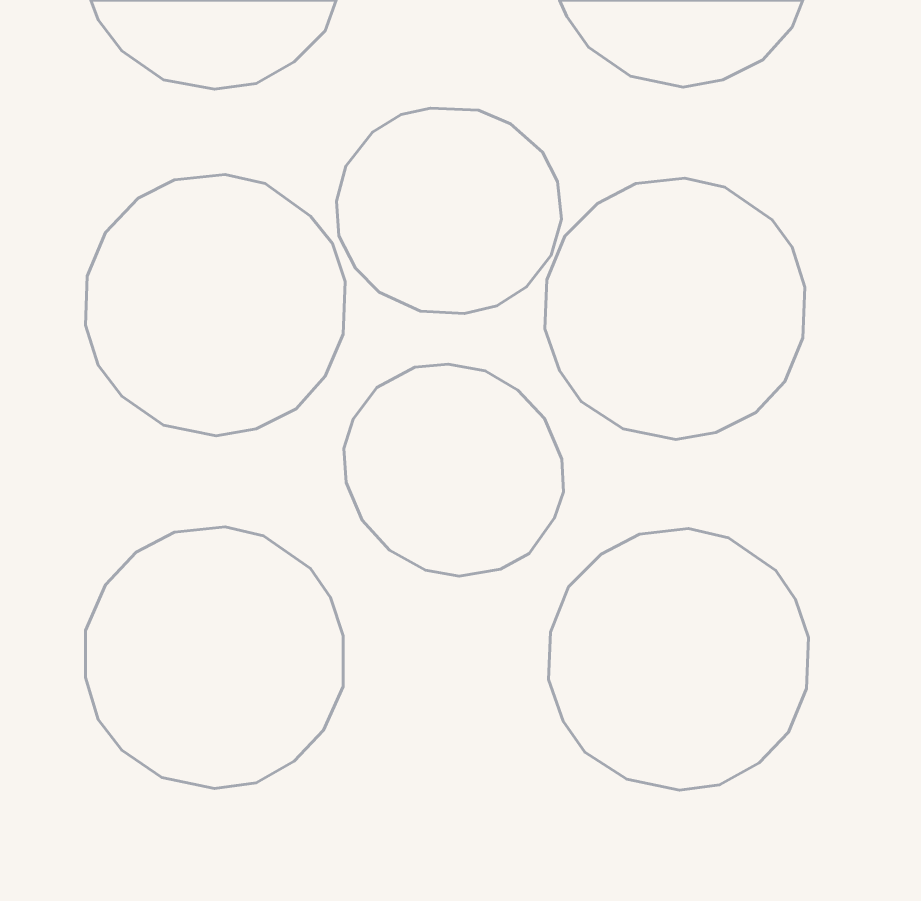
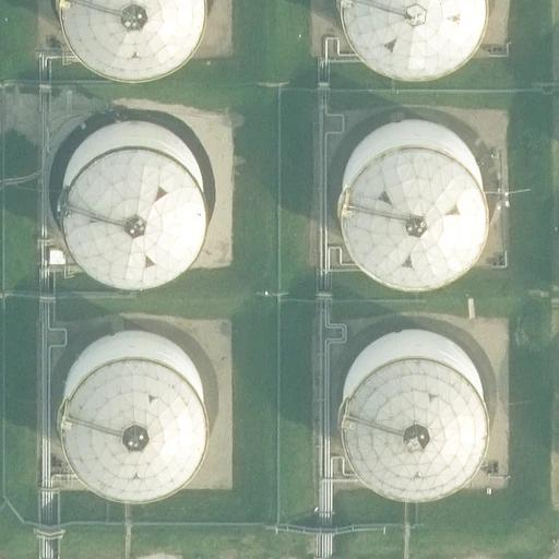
building: [336,108,562,313] -> none
building: [344,364,563,576] -> none

